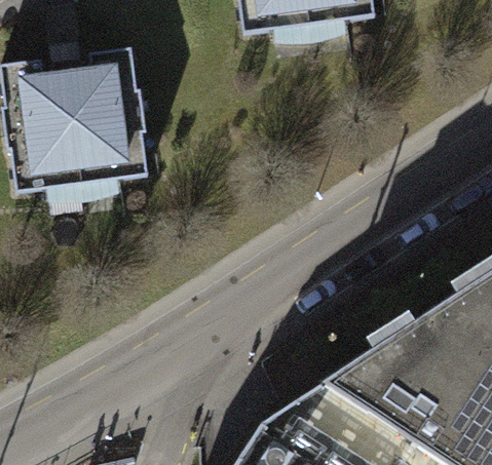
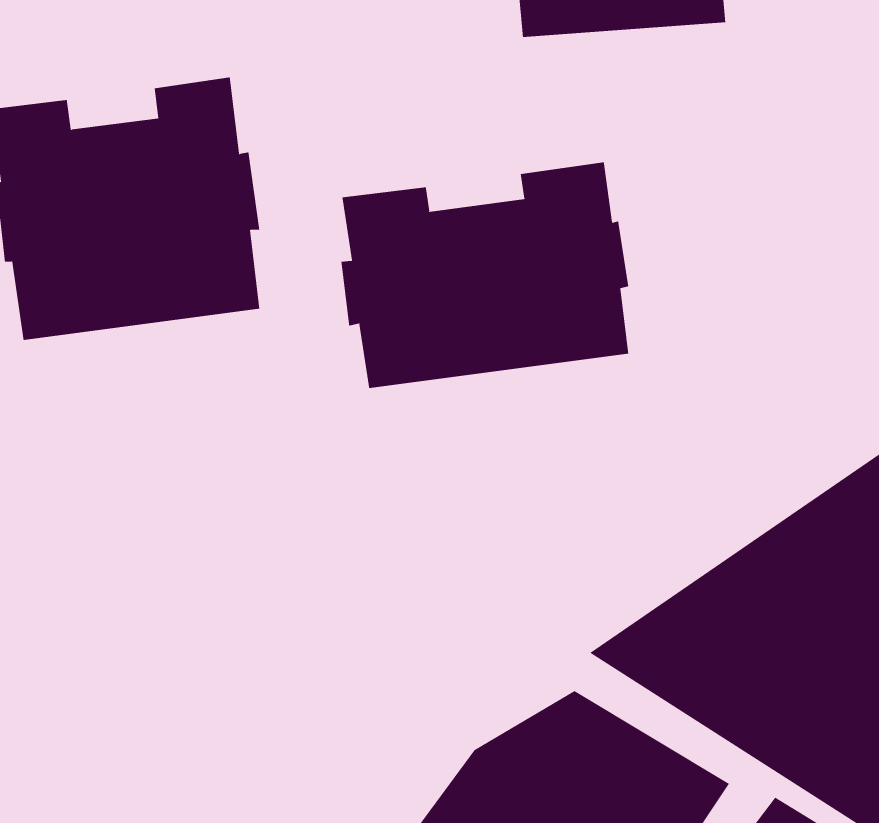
building: none -> [341,162,629,389]

